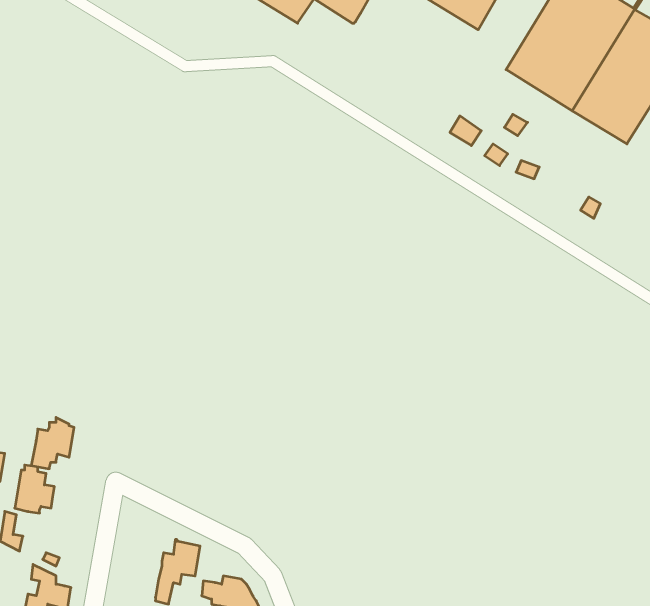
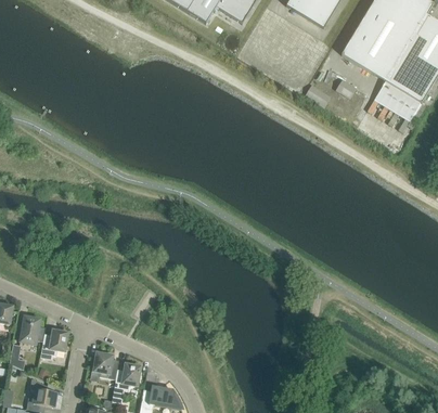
building: none -> [375,81,425,128]
building: [31,417,74,469] -> [40,325,68,359]
building: none -> [93,350,118,378]

